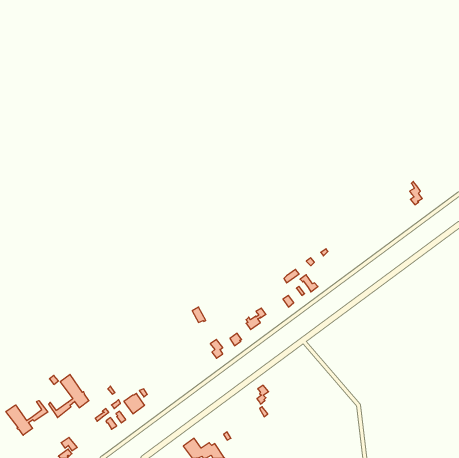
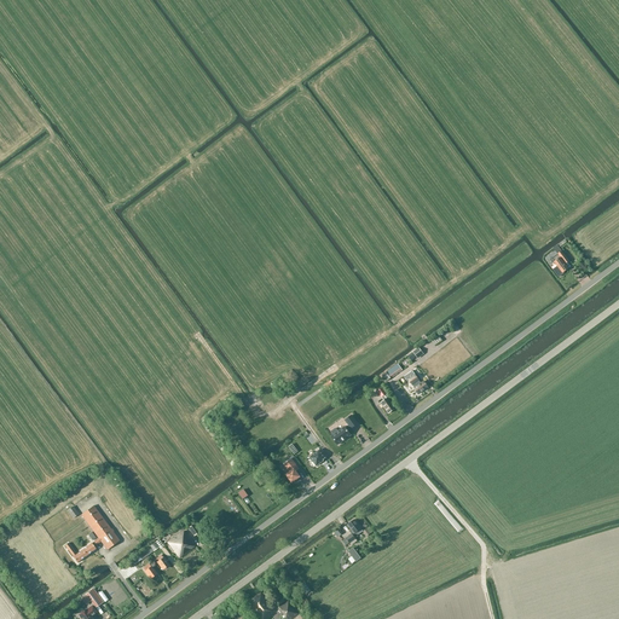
building: [6,401,48,435] -> none

